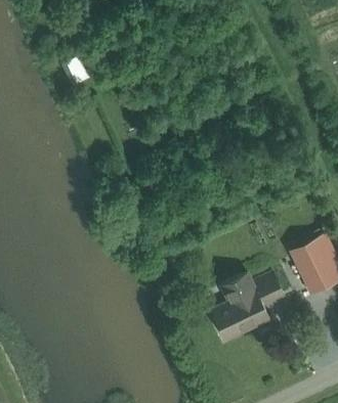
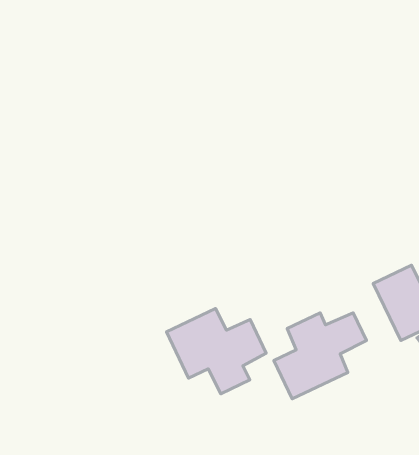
building: none -> [166,308,266,394]

